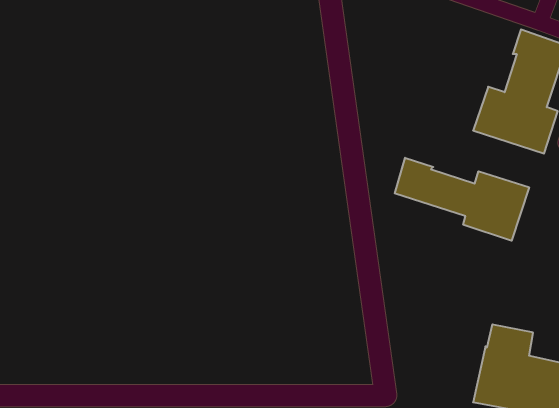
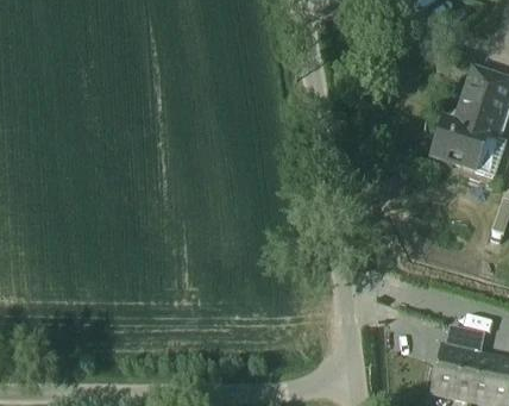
building: [395,158,529,241] -> none

